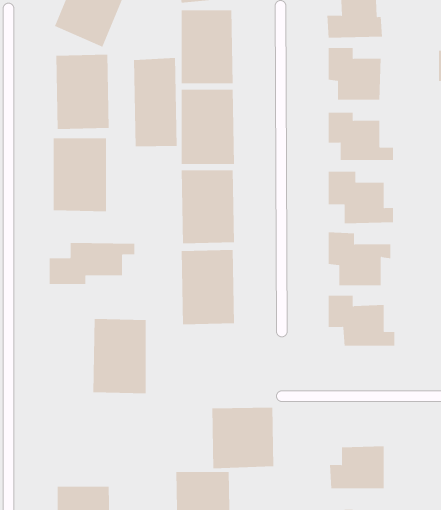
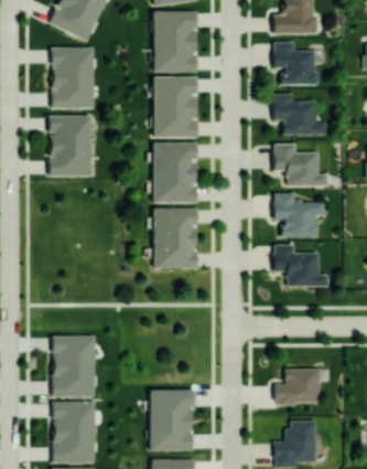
building: [134,57,177,147] -> none
building: [49,242,135,285] -> none
building: [93,318,147,394] -> [51,335,95,397]
building: [212,407,274,469] -> none

